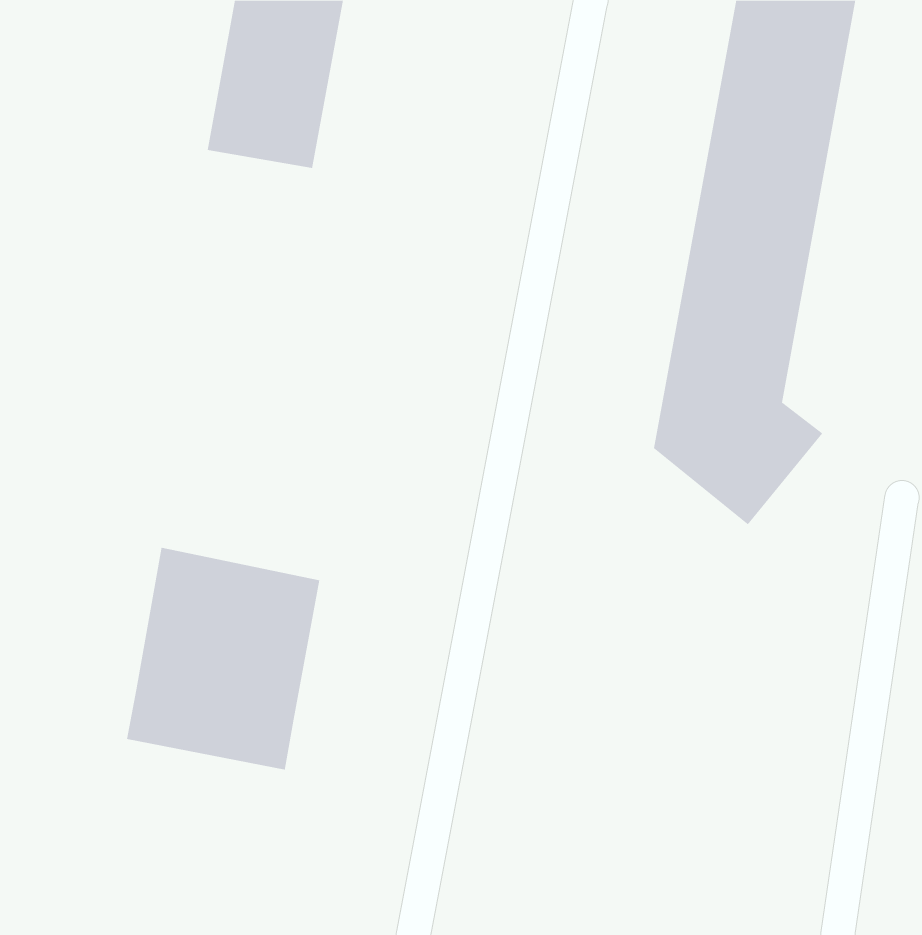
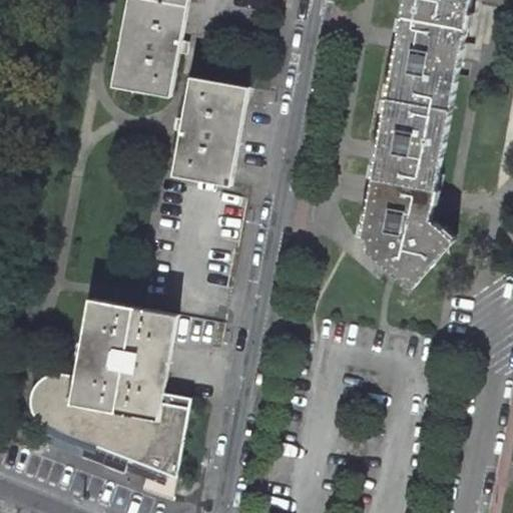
building: none -> [172,74,249,181]
building: none -> [28,376,188,479]

